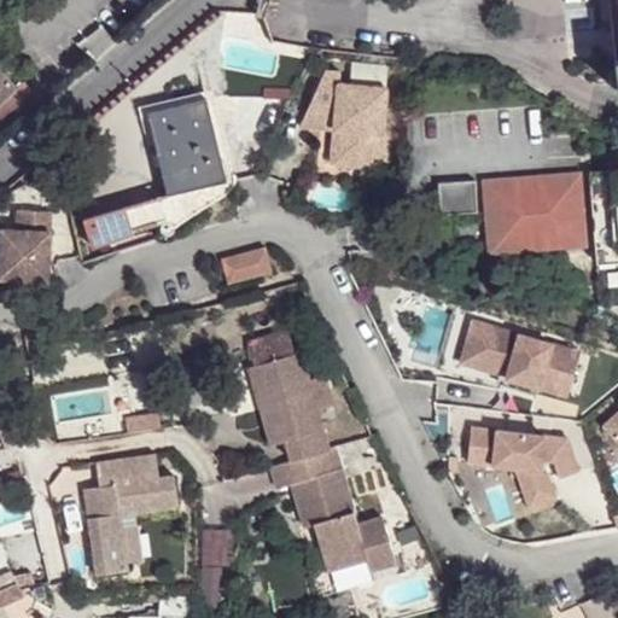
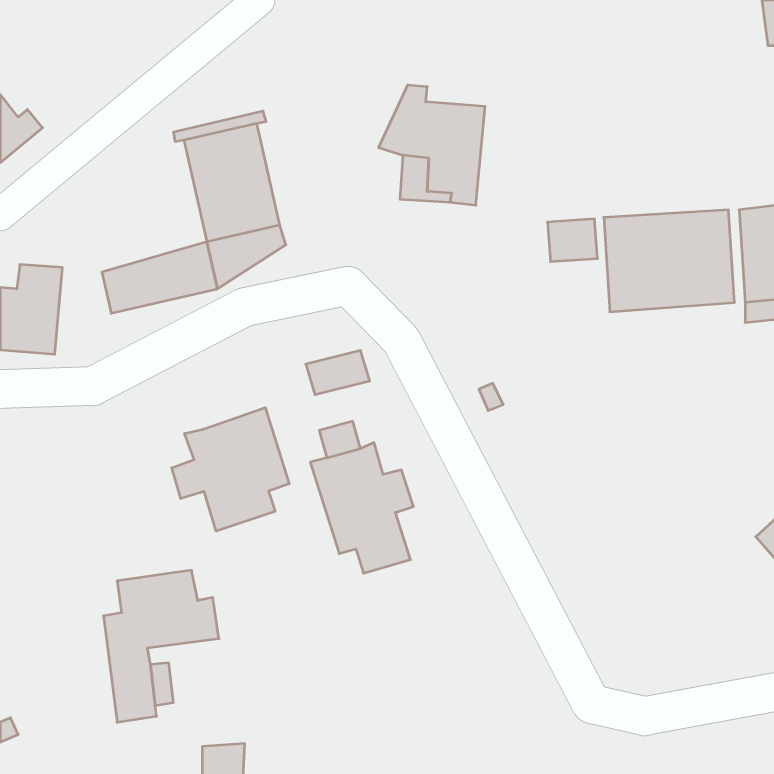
building: [217,250,268,285] -> [306,351,370,395]
building: [464,319,587,395] -> none
building: none -> [172,408,289,531]
building: [468,431,579,511] -> none
building: [272,445,396,570] -> none

